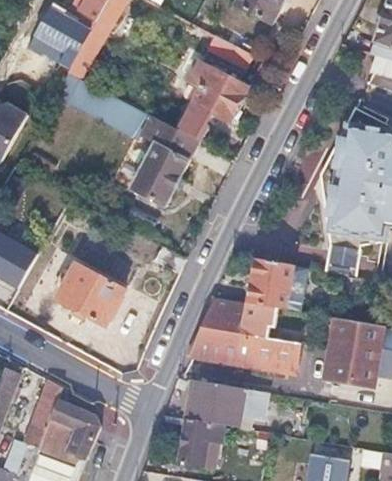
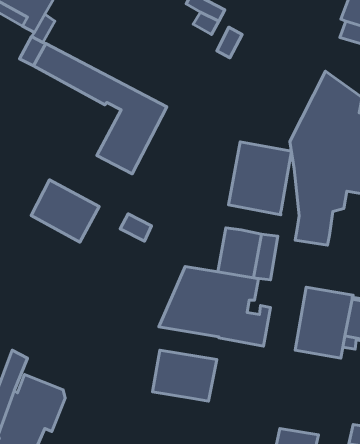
building: [182,63,246,128] -> none
building: none -> [228,142,291,215]
building: [57,265,124,326] -> [31,180,99,242]
building: [178,421,223,466] -> none

